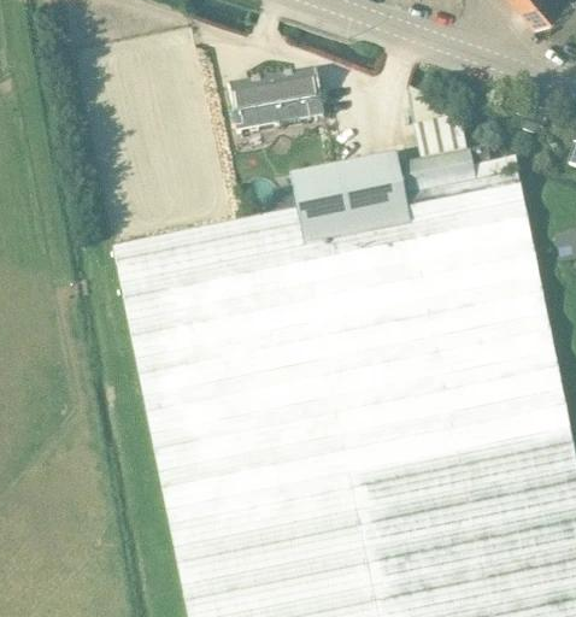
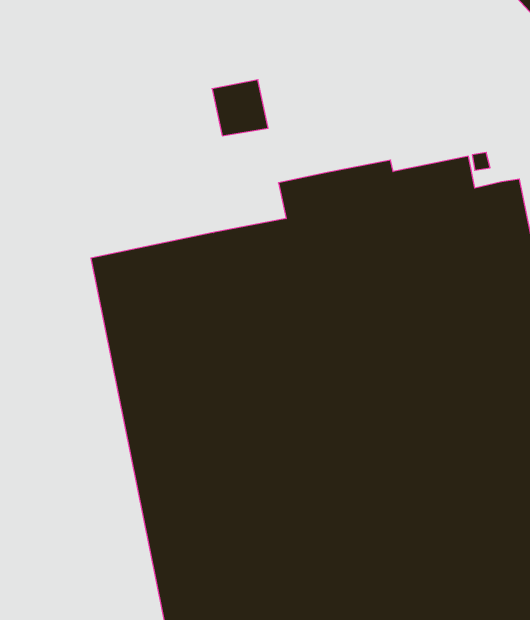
building: [271,69,324,123] -> none

